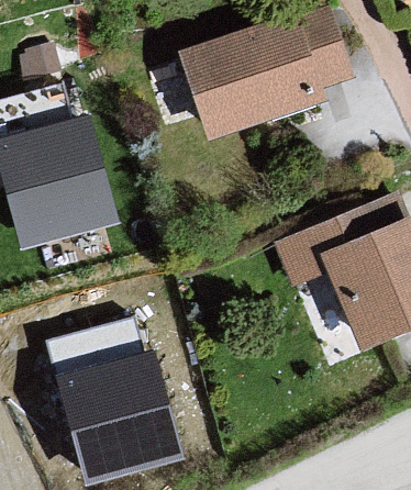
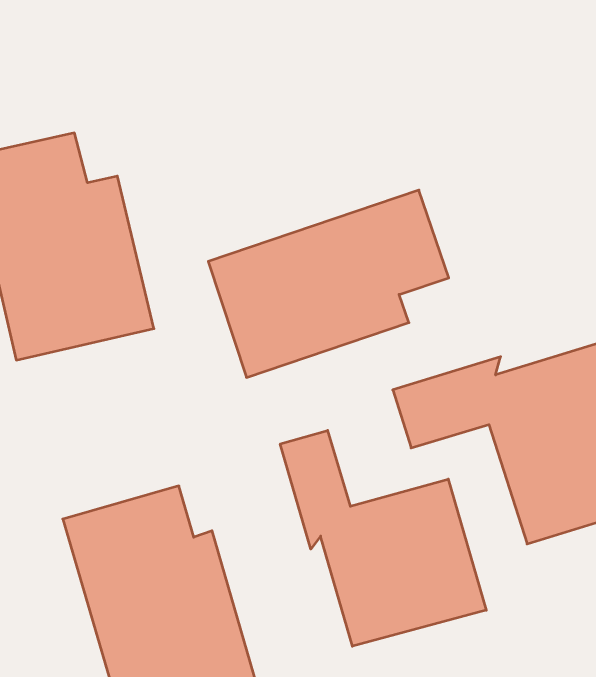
building: [190,11,349,135] -> [208,190,449,377]
building: none -> [280,430,486,646]

